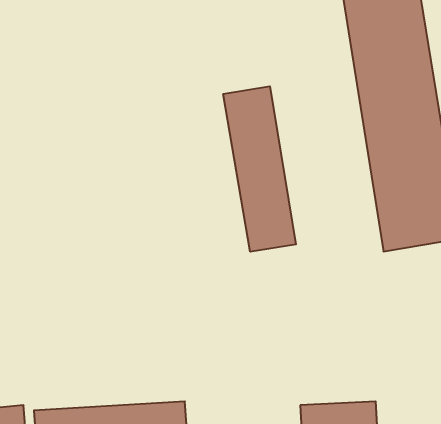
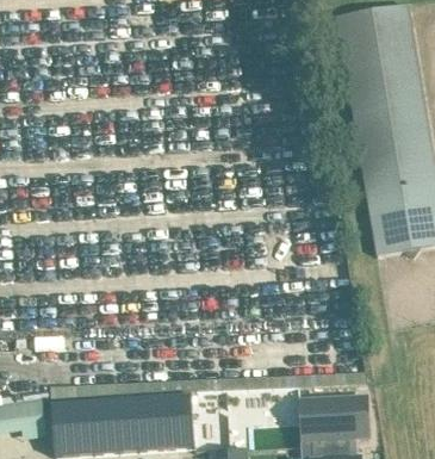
building: [223,86,296,252] -> none

